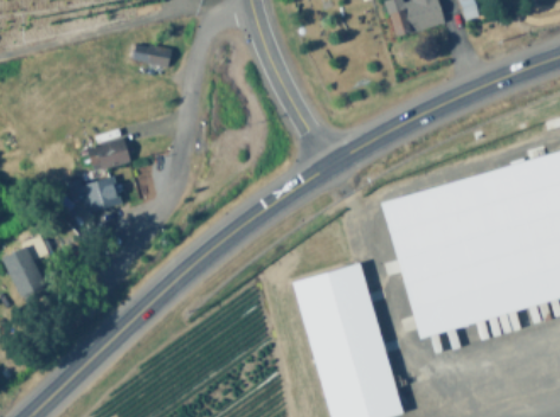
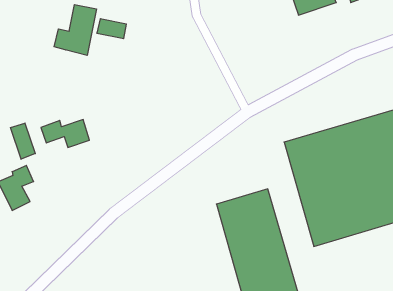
building: none -> [54,5,96,55]
building: [88,135,131,169] -> none
building: none -> [11,123,35,159]

